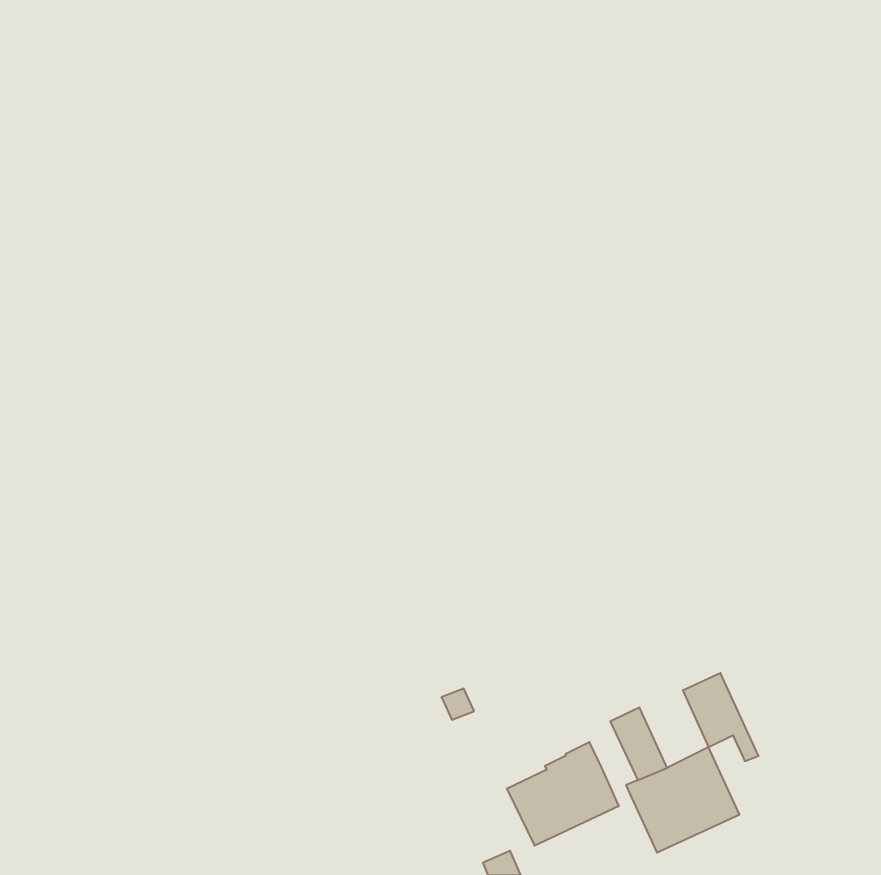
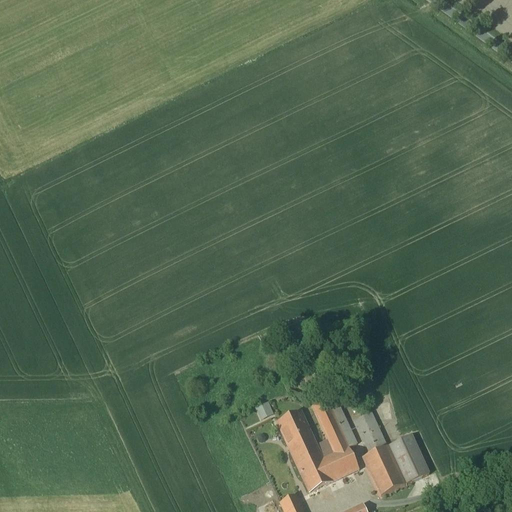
building: [683,673,759,761] -> [313,394,357,445]
building: none -> [277,410,317,457]

